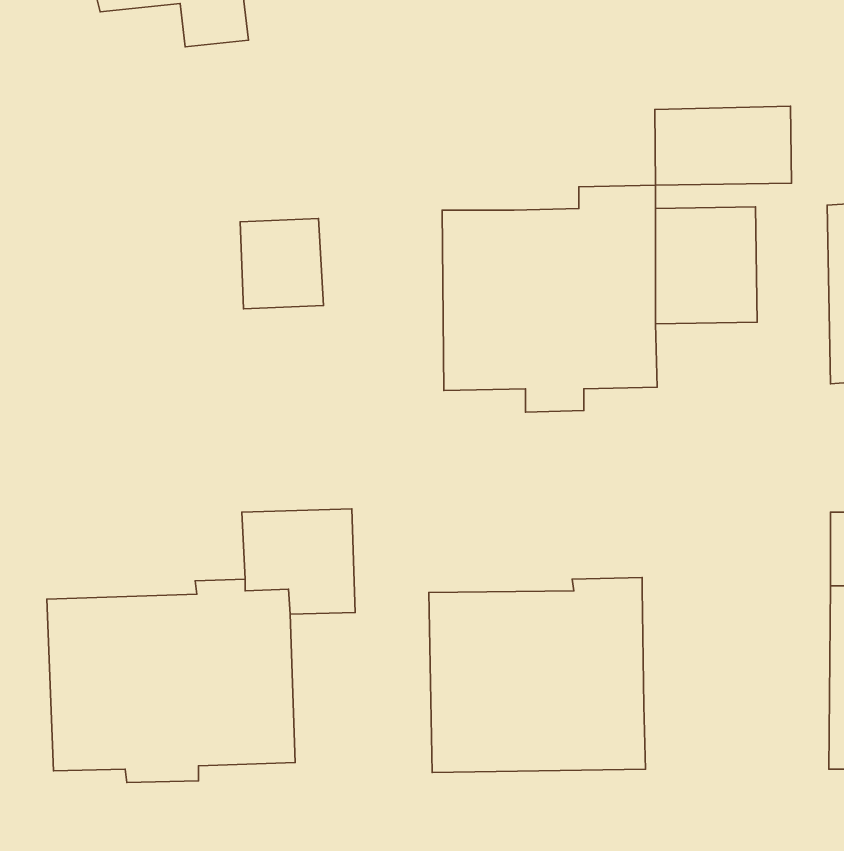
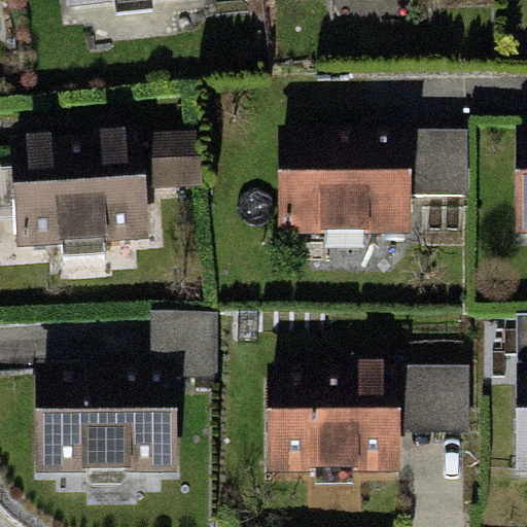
building: [655,106,791,185] -> none
building: none -> [10,127,147,261]
building: none -> [401,362,470,435]

